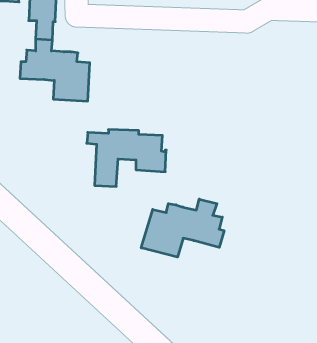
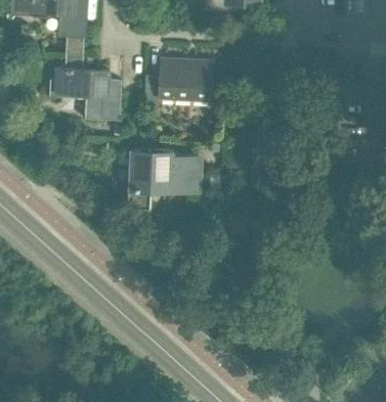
building: none -> [144,61,212,109]
building: [141,199,224,257] -> none

